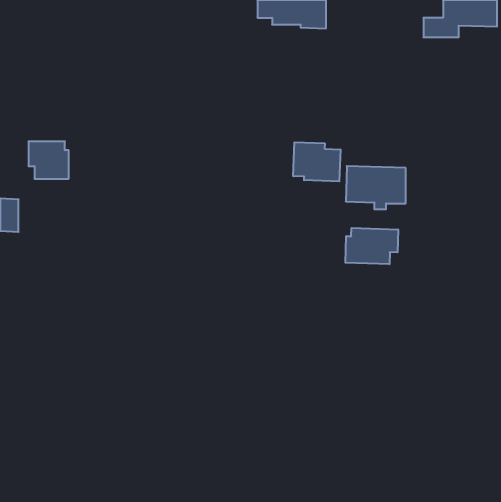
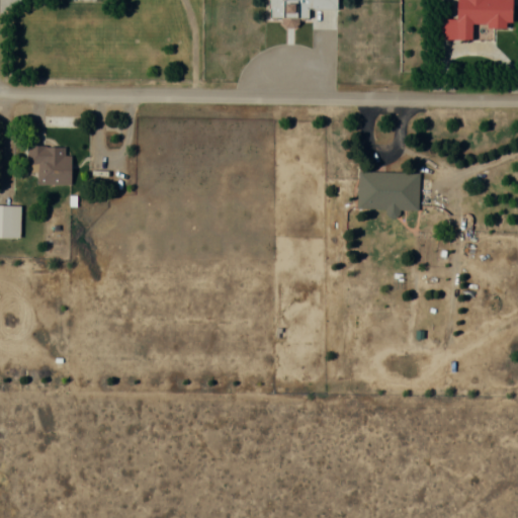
building: [293,142,340,181] -> none
building: [345,228,398,264] -> none

